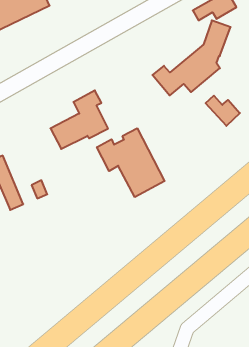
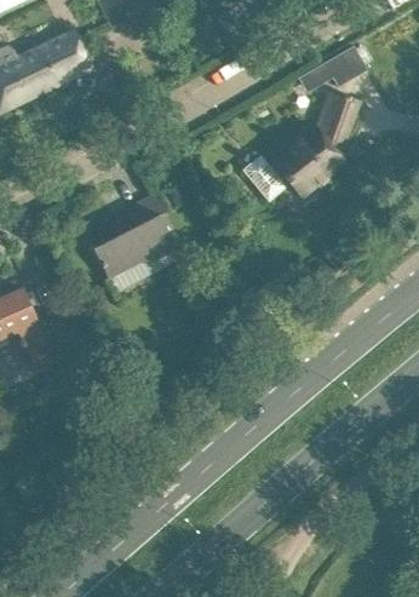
building: [206,96,240,126] -> none
building: [97,128,165,197] -> none

